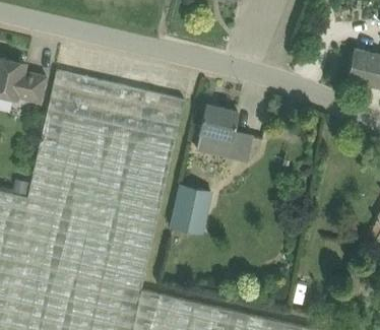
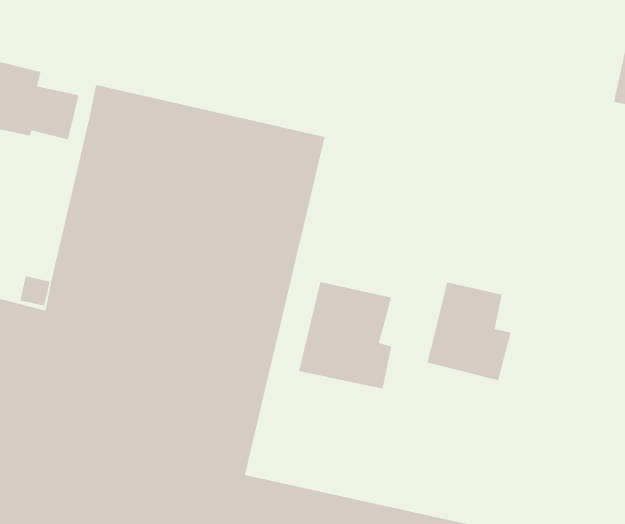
building: [195,105,243,160] -> [427,282,512,381]

